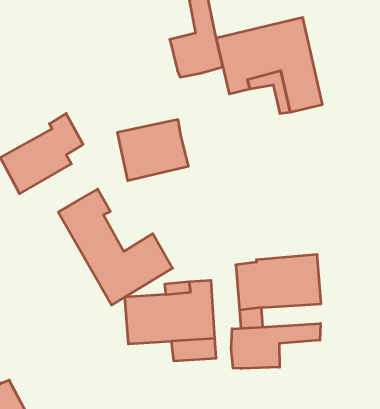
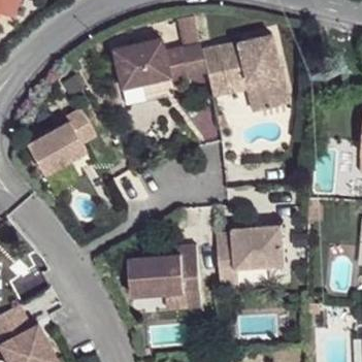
building: [117,120,188,181] -> [113,39,170,88]
building: [58,189,173,305] -> none
building: [231,323,320,369] -> none

